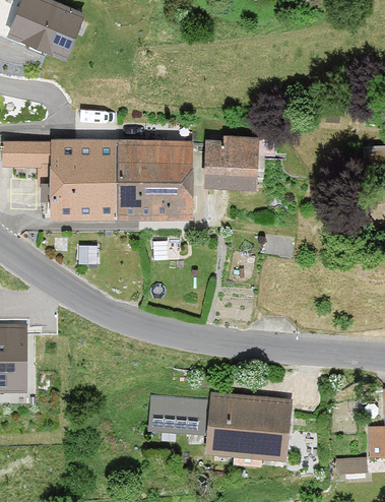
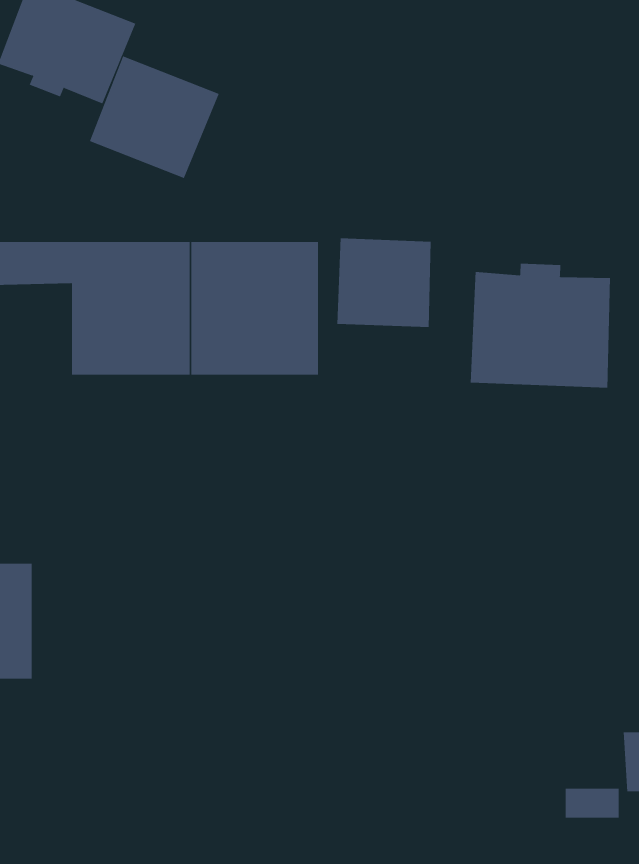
building: none -> [89,55,219,179]
building: none -> [470,263,610,388]
building: [149,396,293,461] -> none

